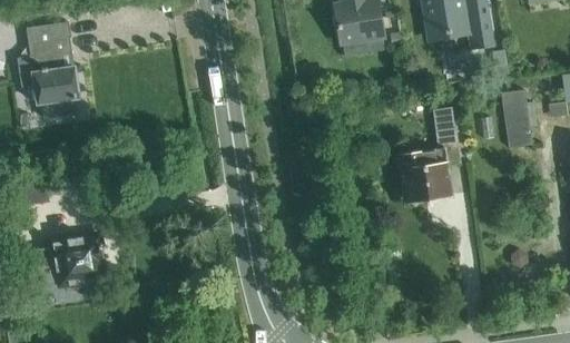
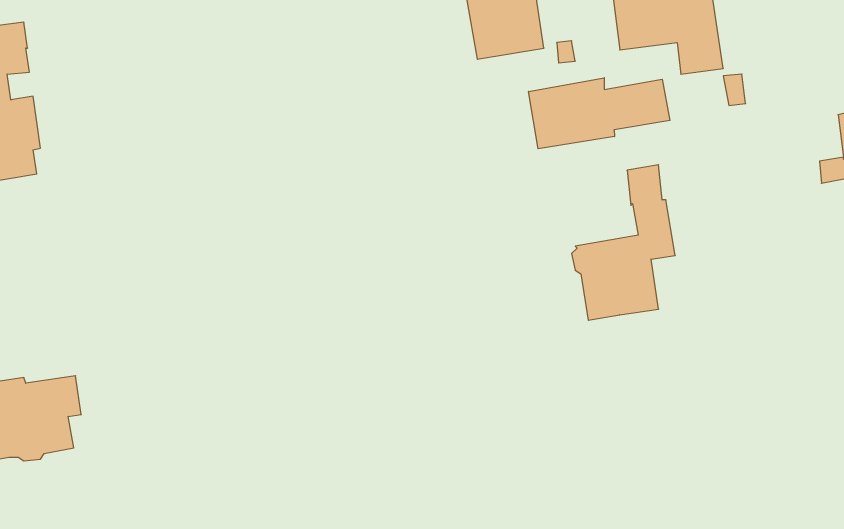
building: none -> [529,78,670,149]
building: [502,89,532,147] -> none

